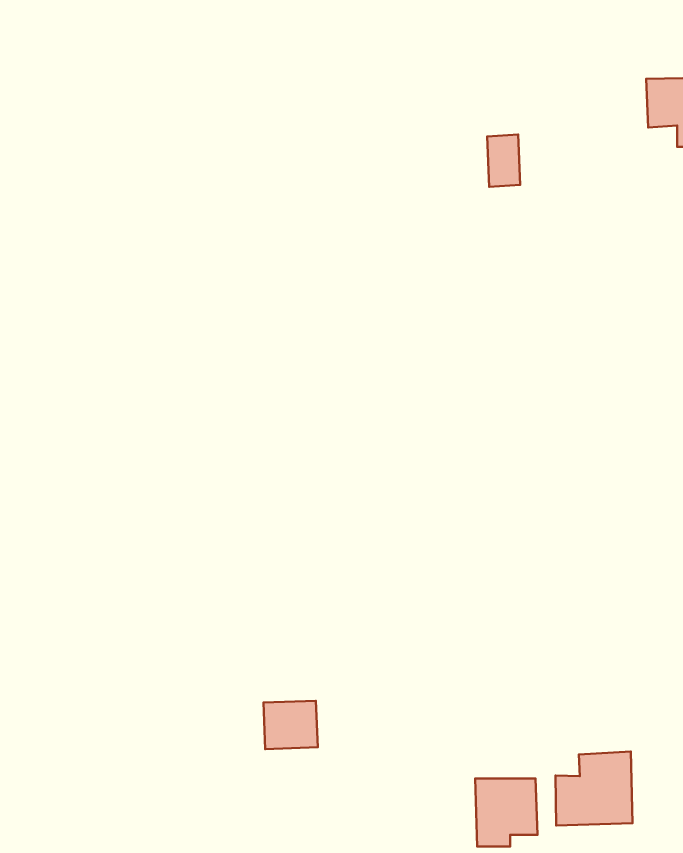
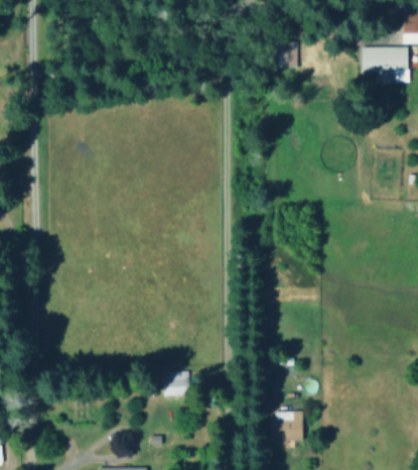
building: [487,134,520,187] -> [280,40,297,68]
building: [556,752,633,826] -> none

